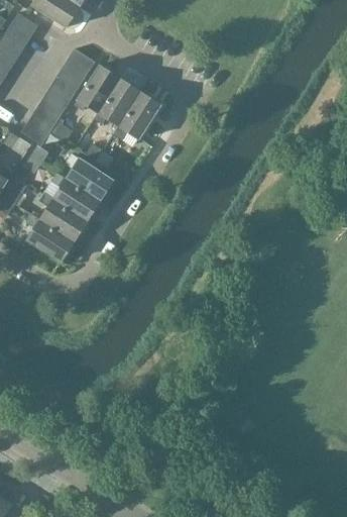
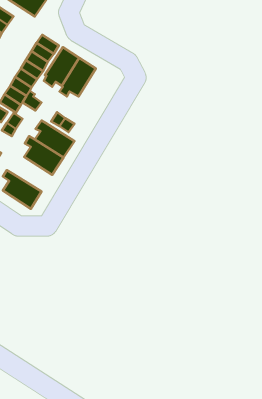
building: [113,91,161,141] -> none
building: [38,194,86,241] -> none

